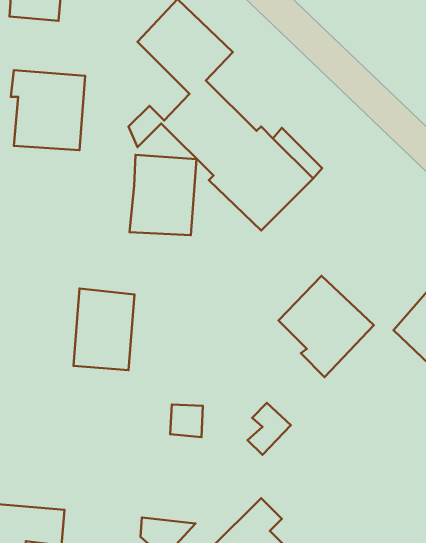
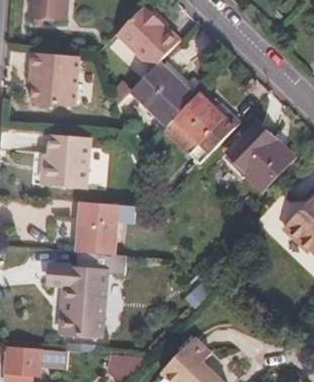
building: [130,155,197,235] -> [45,132,90,186]
building: [278,276,374,377] -> [227,121,291,189]
building: none -> [44,263,102,338]

